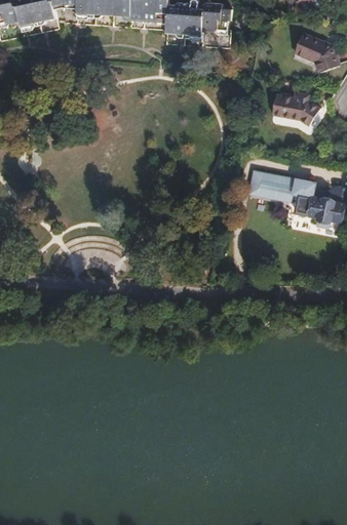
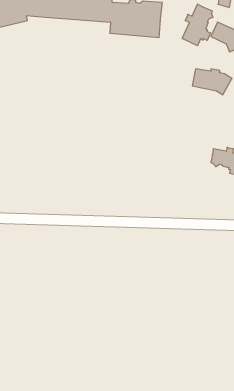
building: none -> [182,4,213,46]
building: [248,163,318,197] -> none

